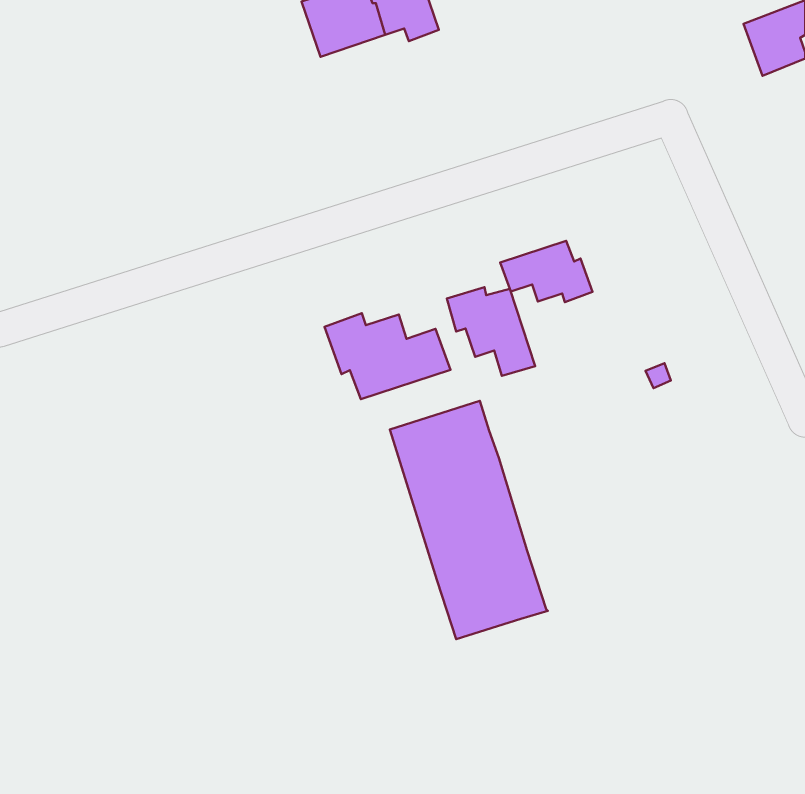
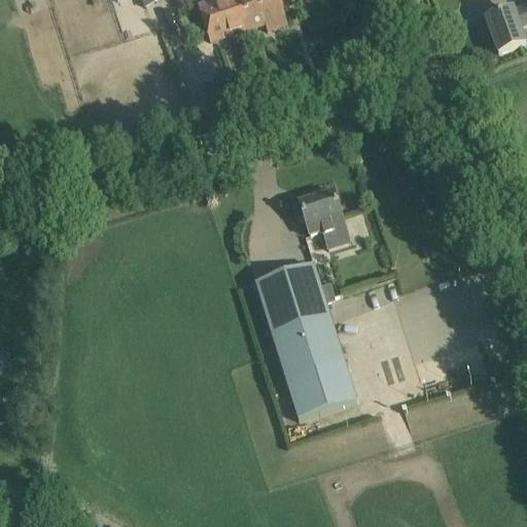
building: [500,241,592,302] -> none
building: [324,313,450,399] -> none

